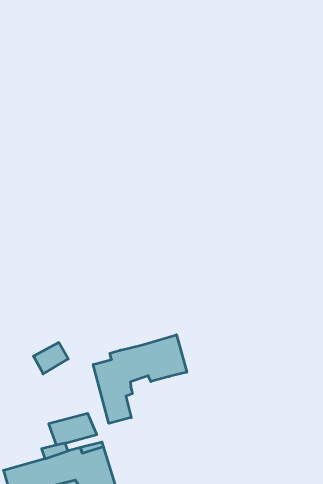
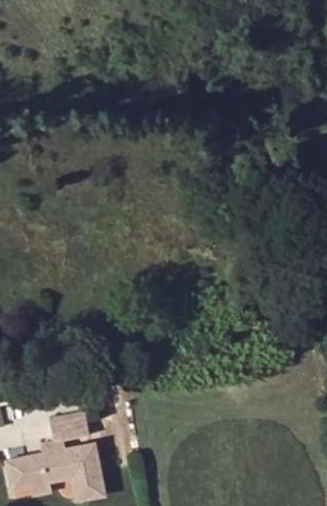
building: [93,335,187,423] -> none

